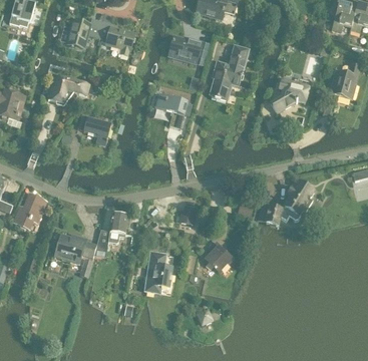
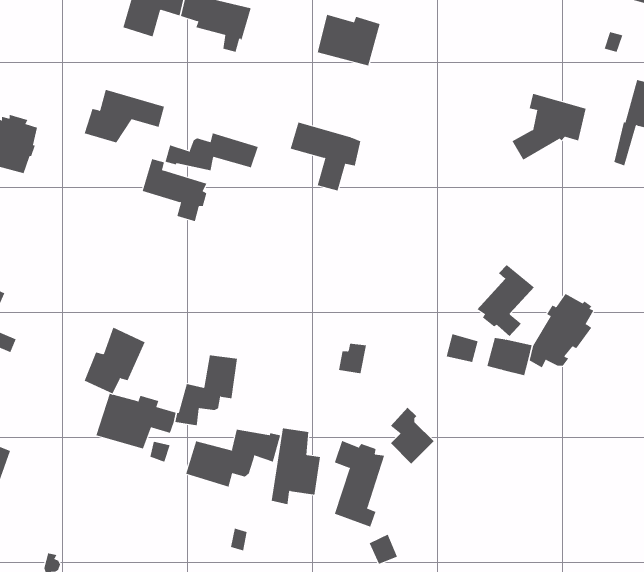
building: [210,45,248,100] -> none
building: none -> [165,133,258,171]
building: none -> [476,264,535,337]
building: [13,194,45,229] -> [84,327,145,394]
building: none -> [185,429,281,488]
building: none -> [334,440,385,527]

